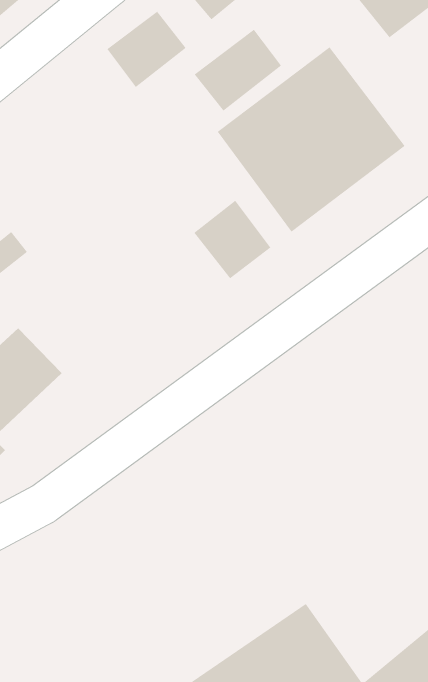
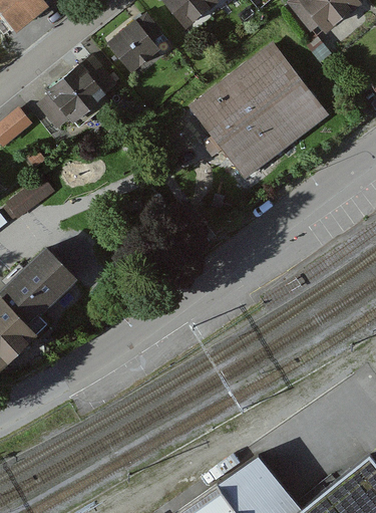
building: [194,29,282,111] -> none
building: none -> [38,56,113,127]
building: [194,200,271,279] -> none

